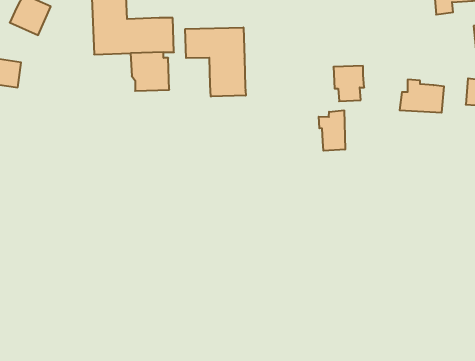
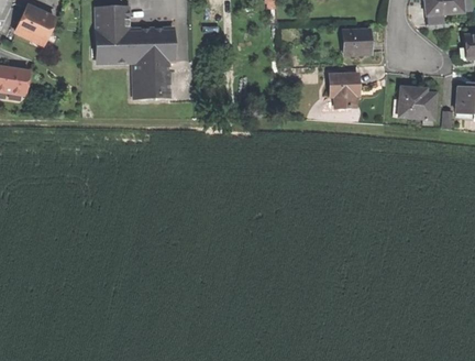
building: none -> [342,31,368,55]
building: [185,27,246,97] -> none
building: [319,110,345,151] -> none

